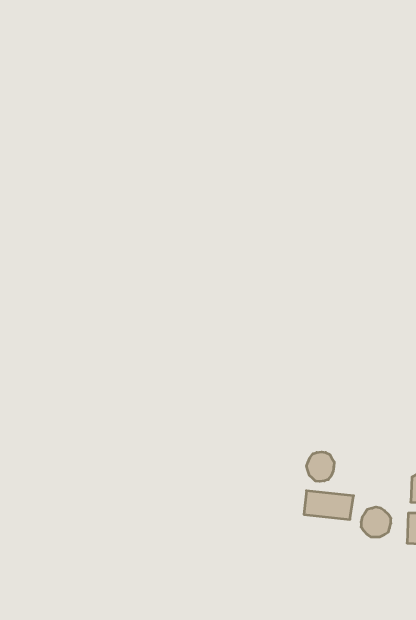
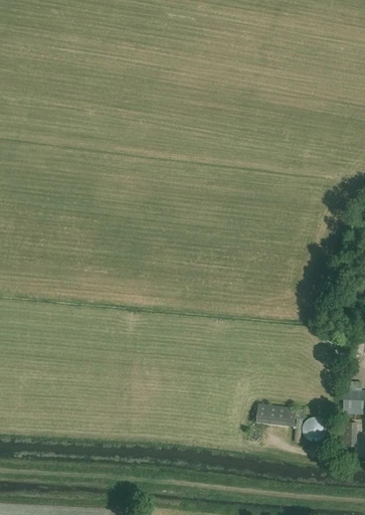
building: [307,452,334,481] -> none

